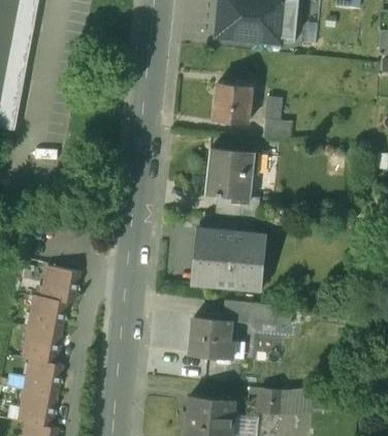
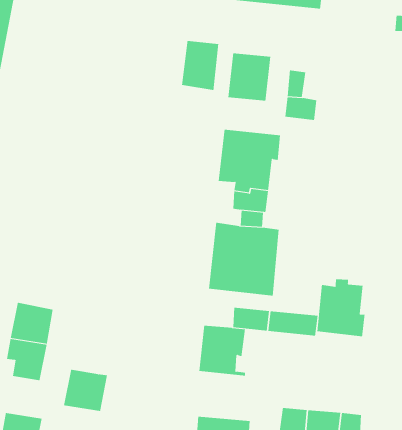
building: none -> [181,40,219,91]
building: [34,267,78,304] -> none
building: none -> [317,279,365,337]
building: [24,360,62,396] -> [63,369,108,411]

